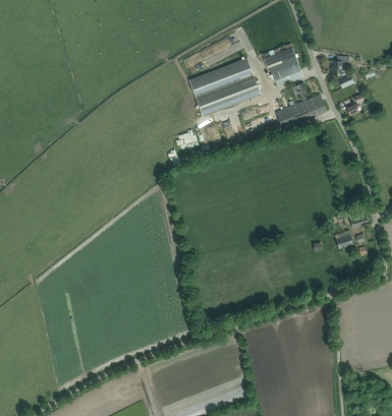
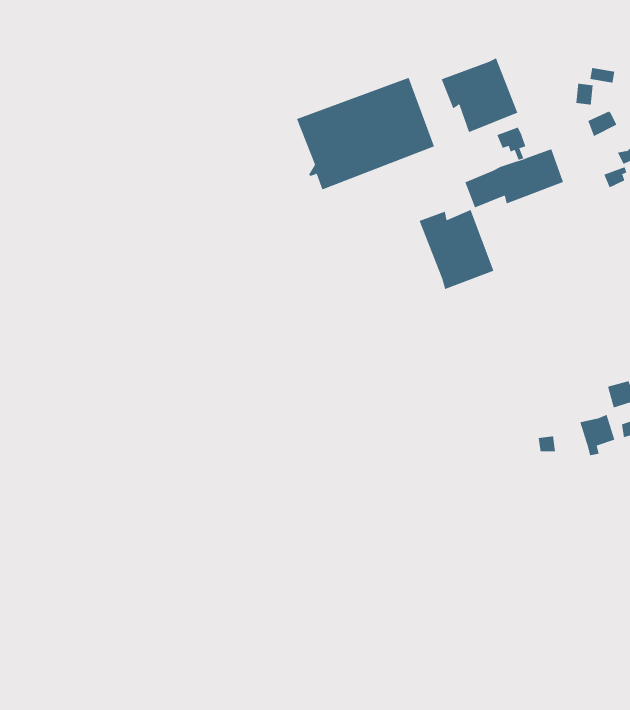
building: none -> [419,209,494,290]

